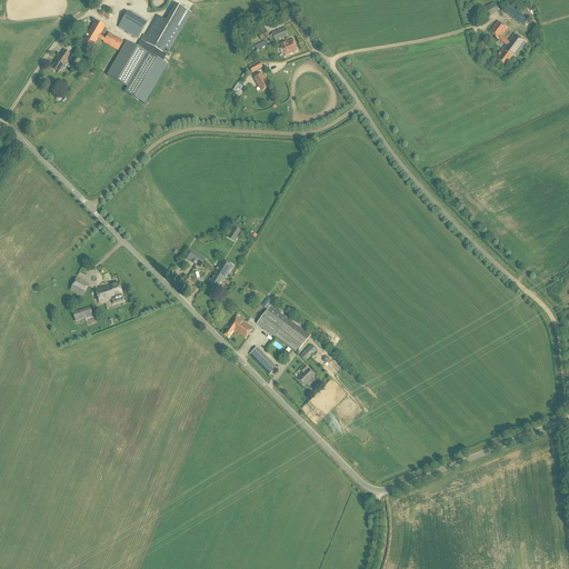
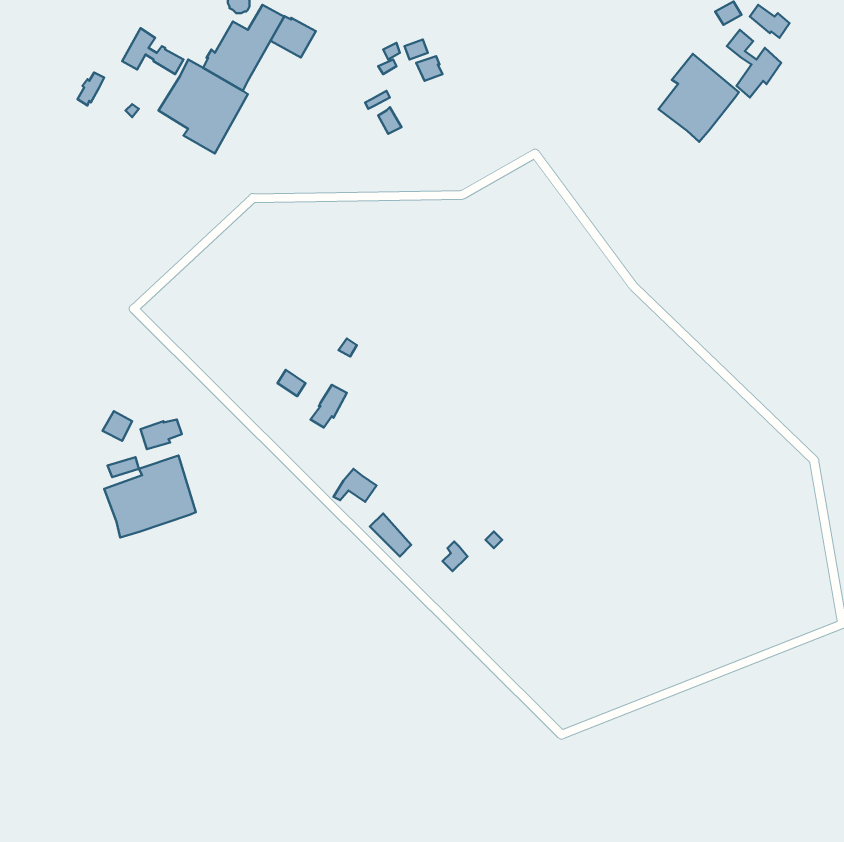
building: [118,10,148,38] -> [271,16,316,58]
building: none -> [659,54,739,142]
building: [257,305,311,352] -> none
building: none -> [104,456,196,538]

